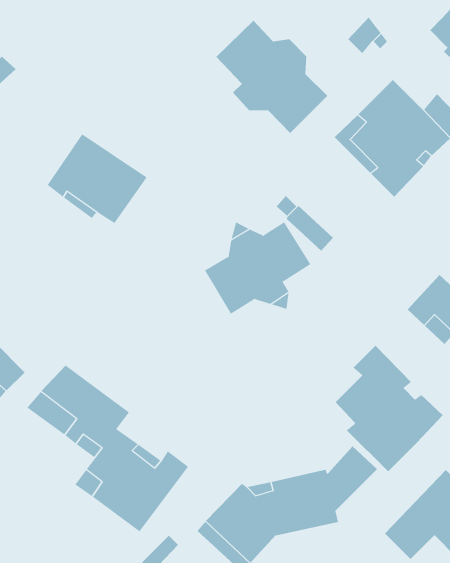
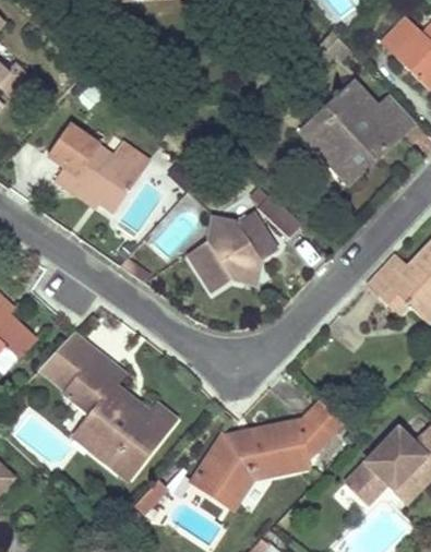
building: [215,20,328,134] -> none
building: [335,345,444,472] -> none

